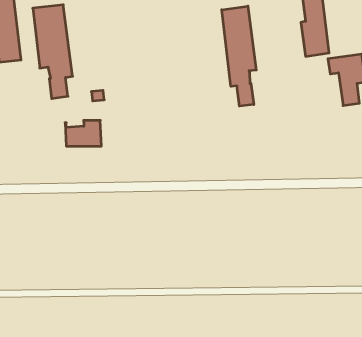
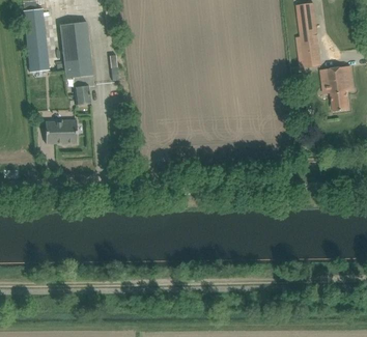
building: [222,6,256,106] -> none
building: [65,120,101,146] -> [46,120,78,143]

